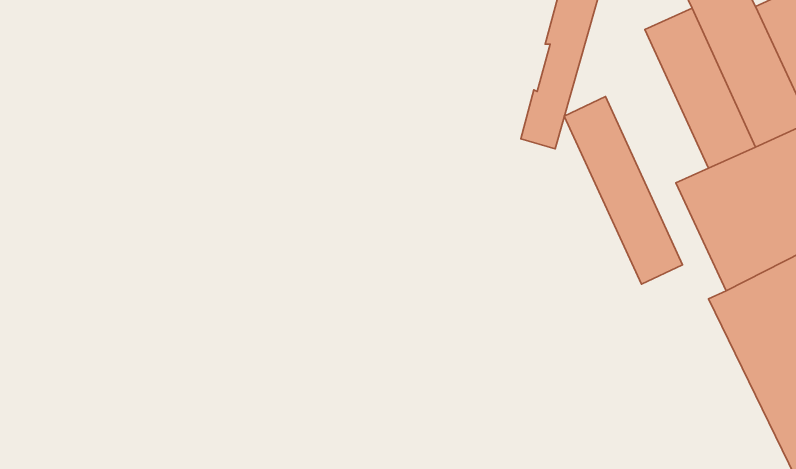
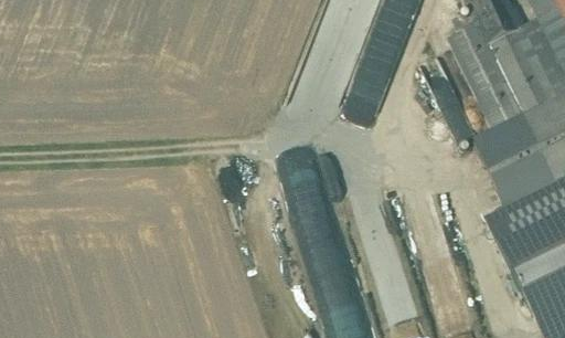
building: [564,97,683,284] -> none

